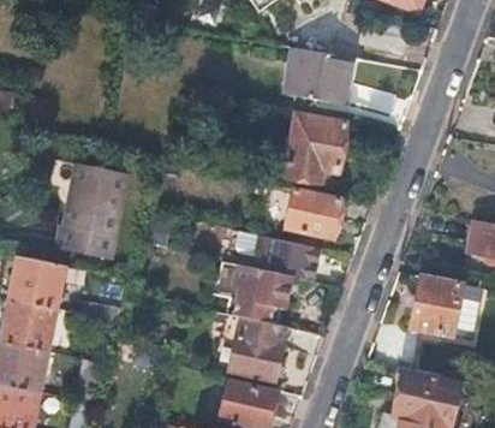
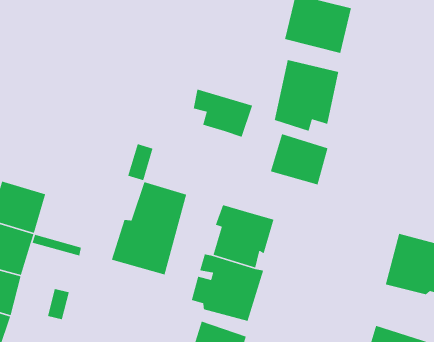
building: [55,167,126,260] -> [111,181,187,275]
building: [260,234,320,280] -> [193,89,253,138]

